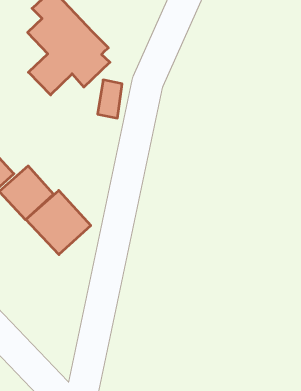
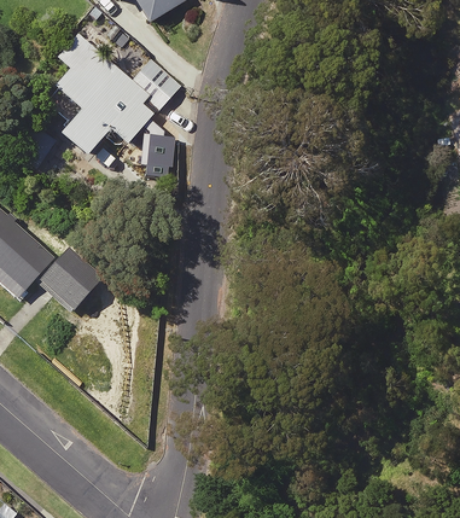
building: none -> [130,57,181,109]
building: [26,190,91,255] -> none

